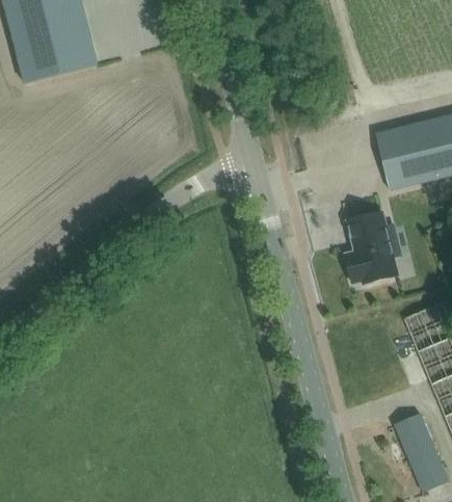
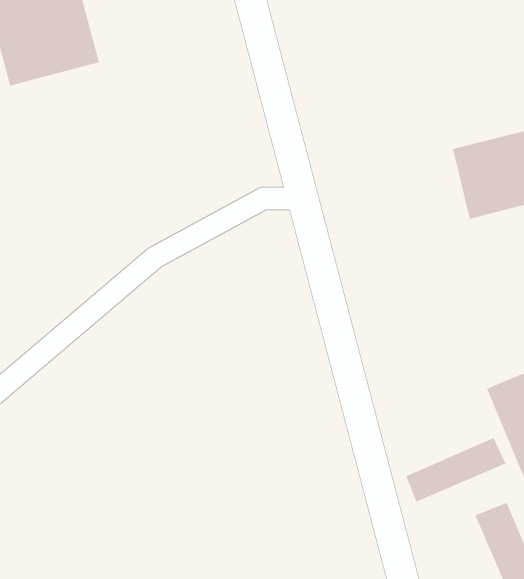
building: [346,212,399,283] -> none
building: none -> [406,437,506,502]

